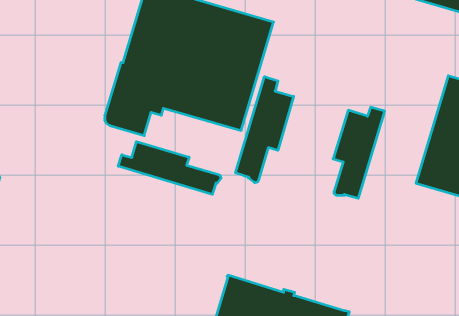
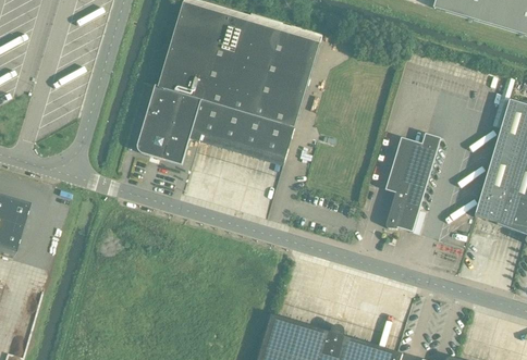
building: [236,77,294,183] -> none
building: [118,142,221,194] -> none

